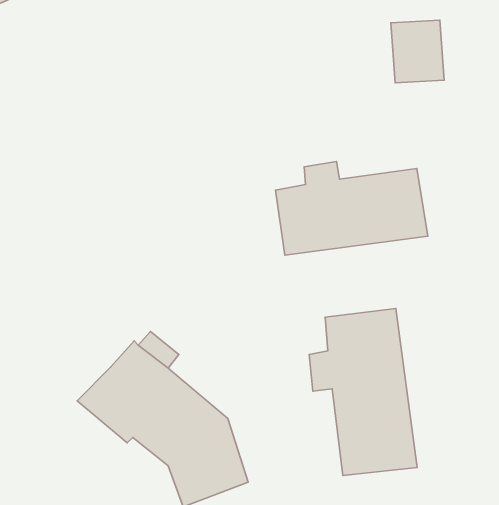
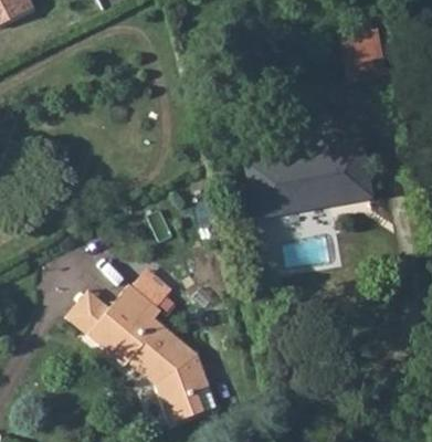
building: [309,309,417,475] -> none
building: none -> [65,291,112,335]

